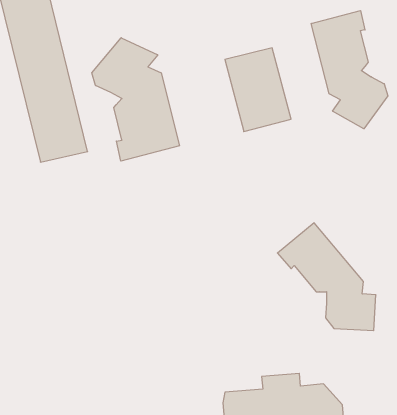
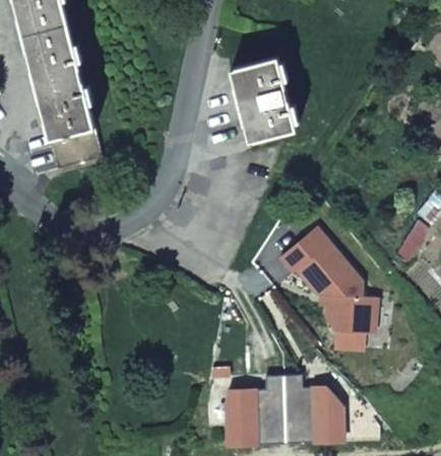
building: [311,11,388,129] -> none
building: [92,38,180,161] -> none

